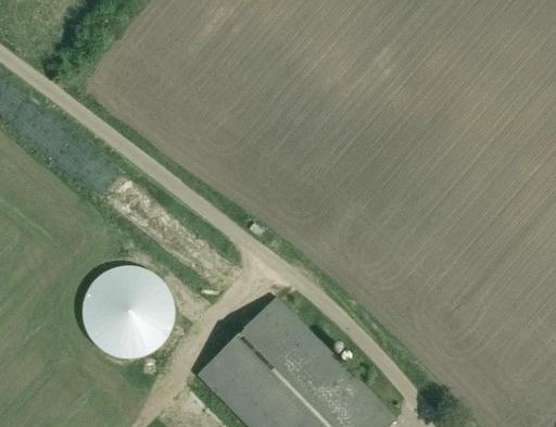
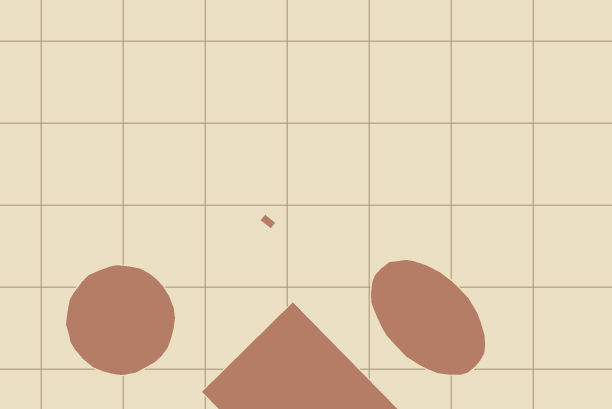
building: none -> [371,259,486,375]

